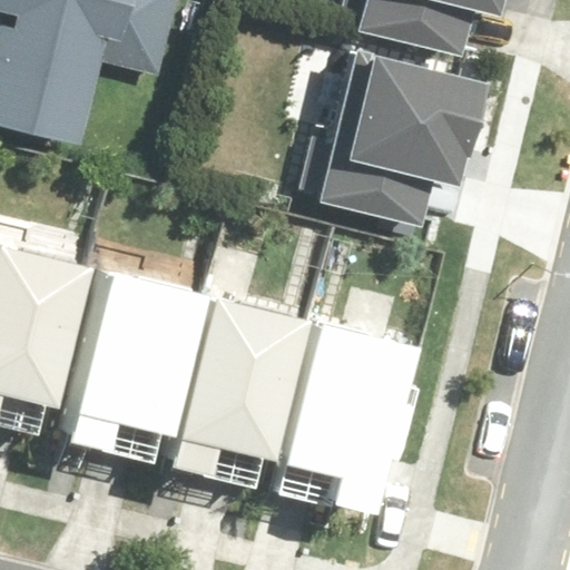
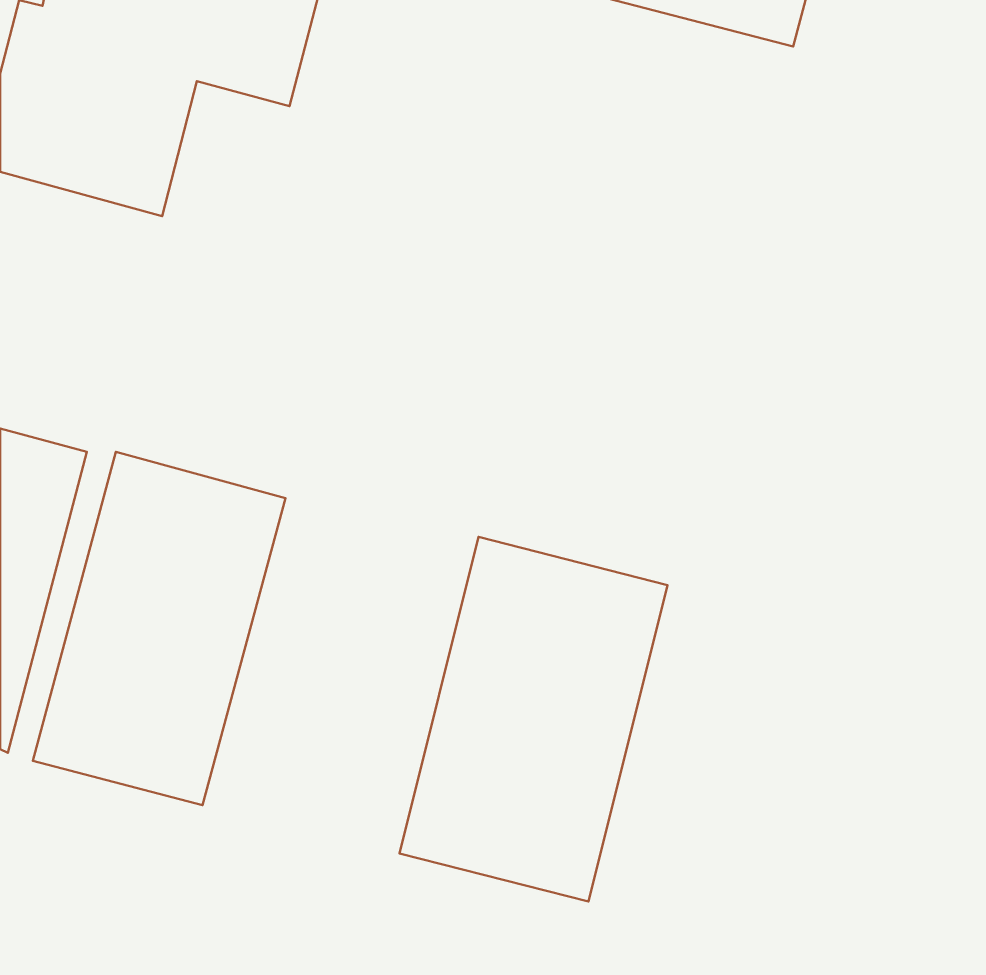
building: [317,48,450,196] -> none
building: [124,285,268,487] -> none

